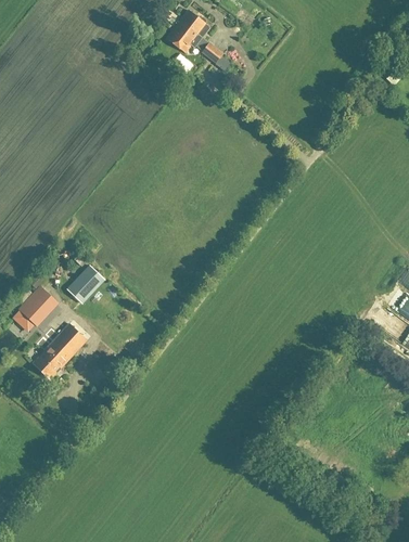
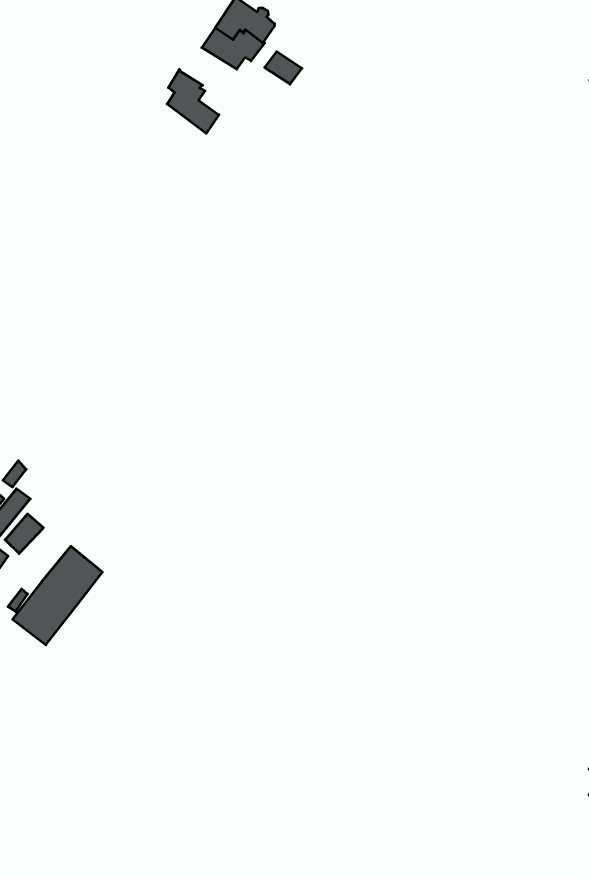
building: none -> [167,69,219,133]
building: [67,264,105,304] -> none

